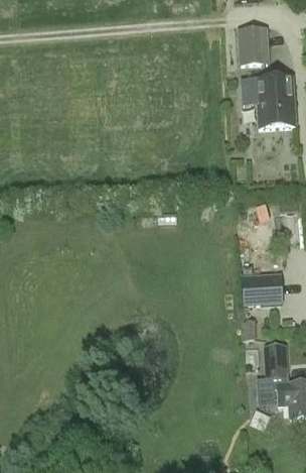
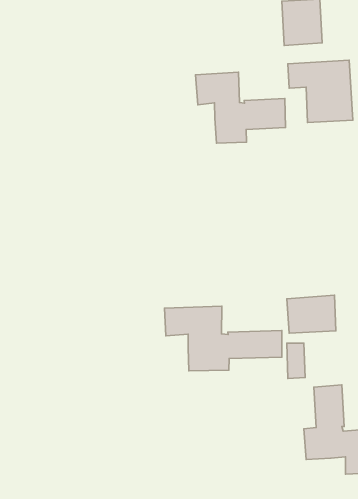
building: none -> [196,72,286,143]
building: none -> [164,306,282,371]

